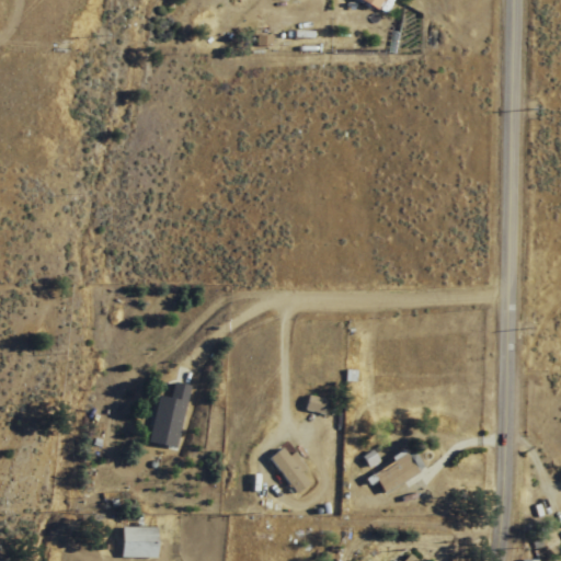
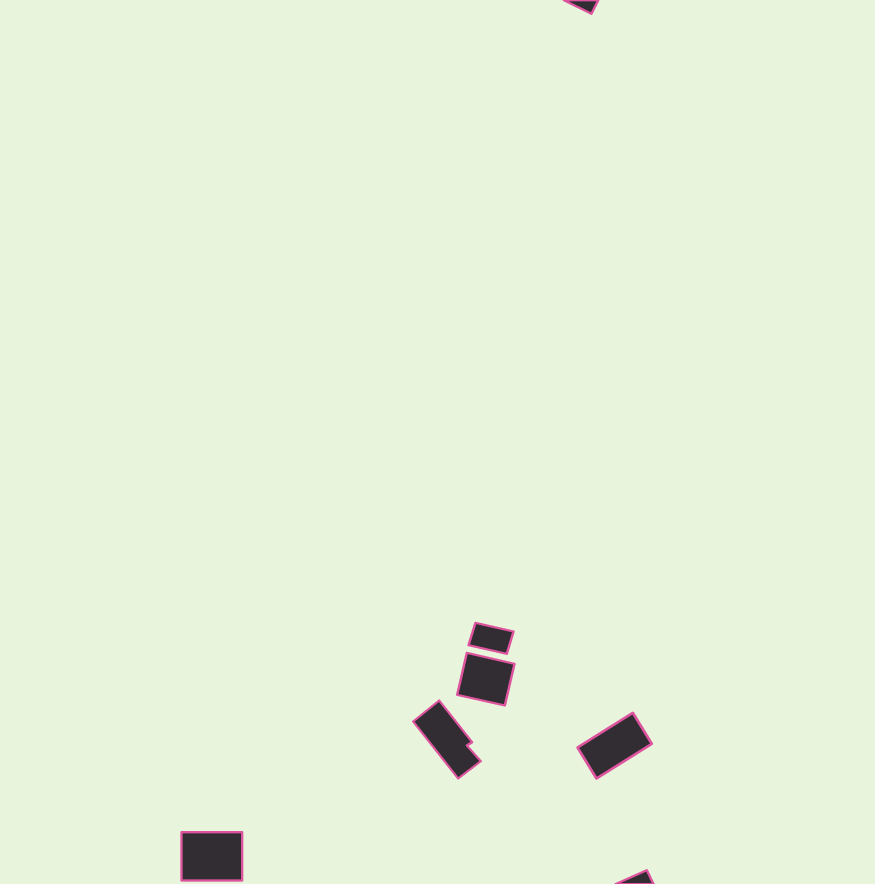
building: [157,392,187,440] -> none
building: none -> [457,653,514,706]

